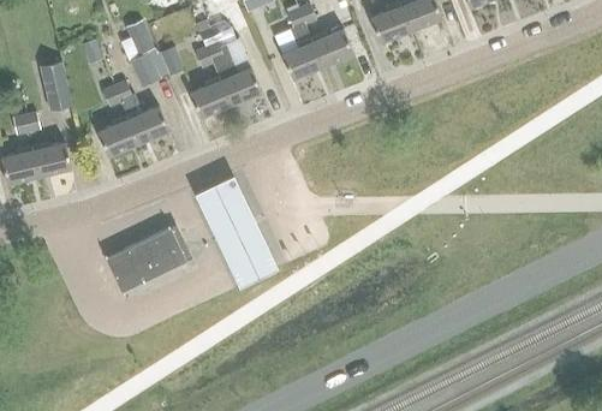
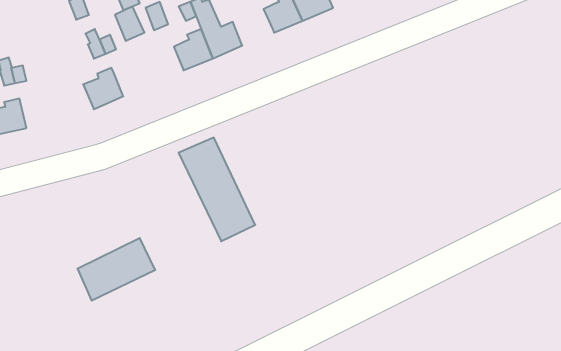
building: [41,60,72,111] -> none
building: [129,105,168,142] -> none
building: [32,141,71,174] -> none
building: [106,226,185,290] -> [77,238,155,301]

